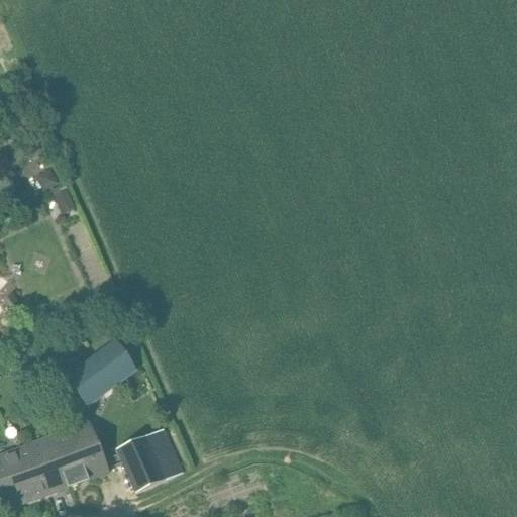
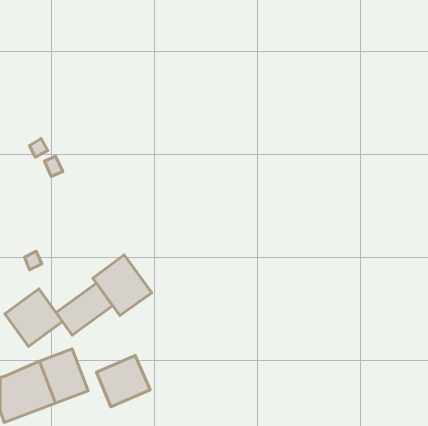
building: none -> [93,255,152,316]
building: none -> [5,289,63,346]

